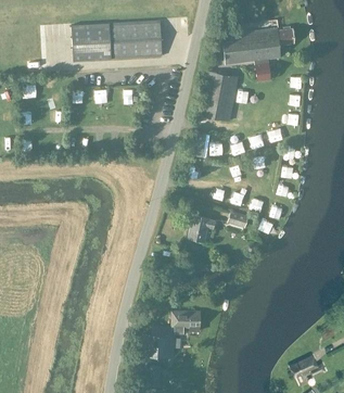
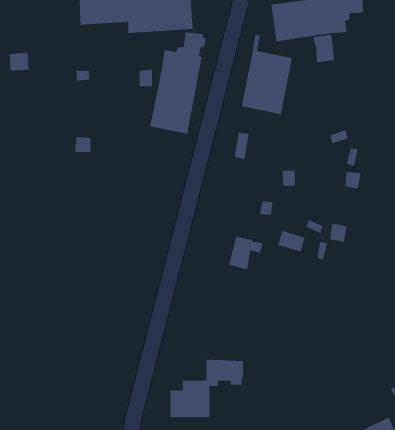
building: none -> [149,32,206,135]

